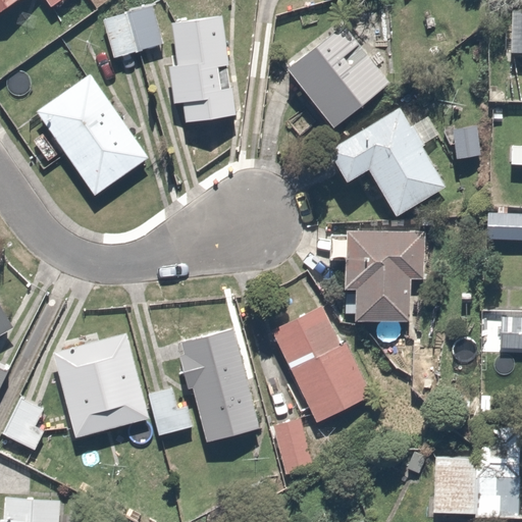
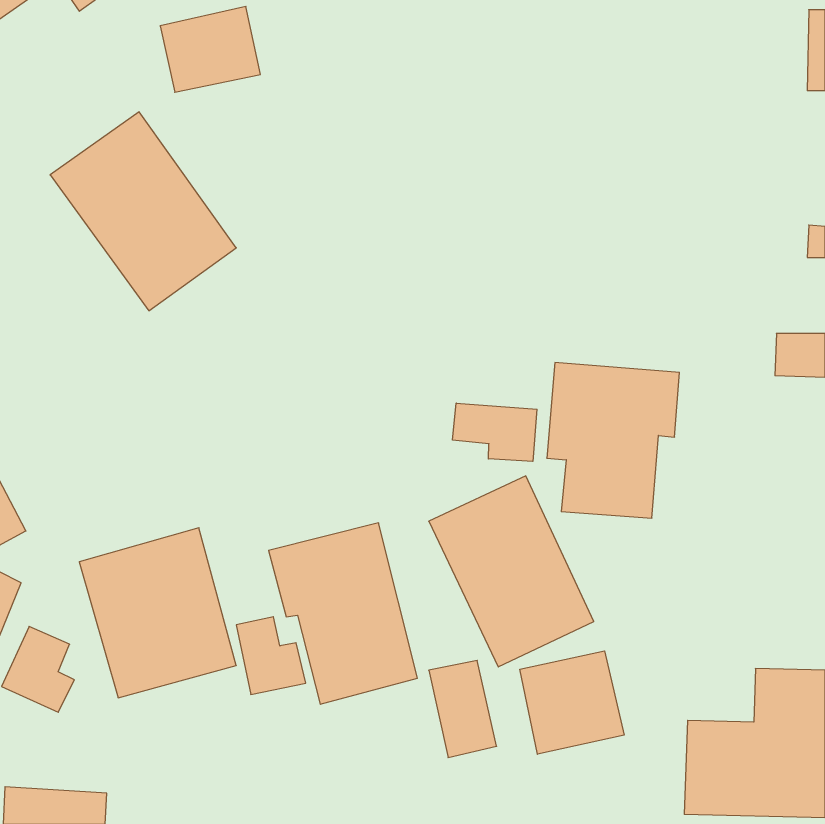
building: [166,17,225,121] -> none
building: [286,27,390,130] -> none
building: [329,106,452,217] -> none
building: none -> [453,403,537,461]
building: none -> [520,651,624,754]

